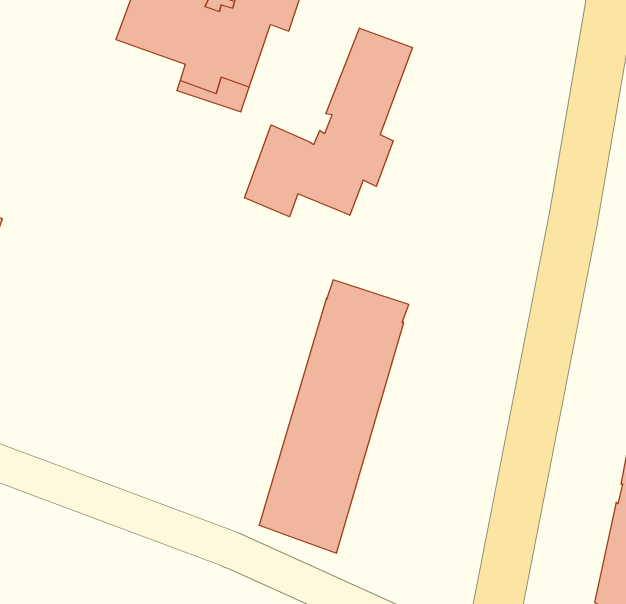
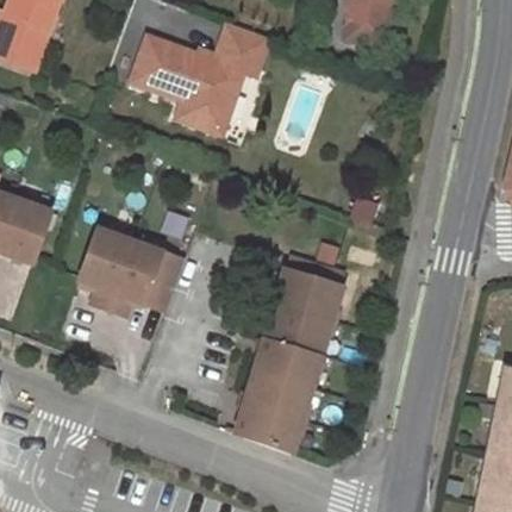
building: [245,28,413,217] -> none
building: none -> [79,227,183,313]

